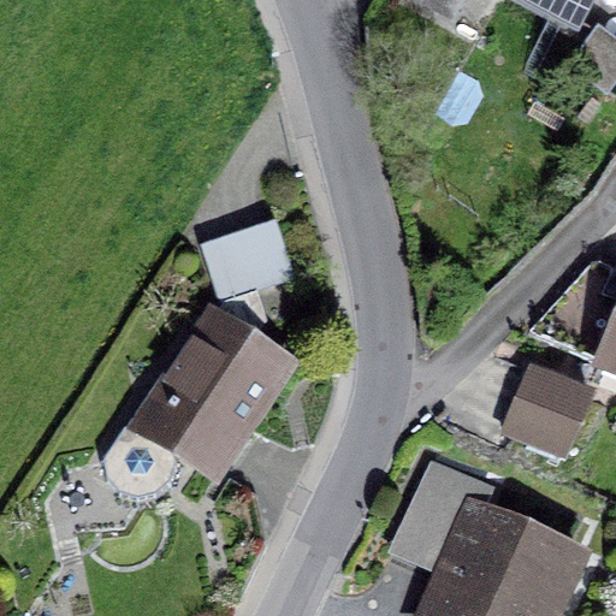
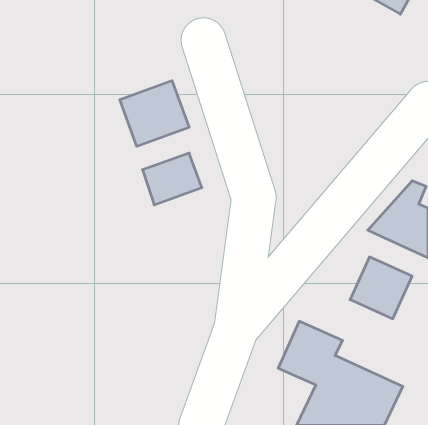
building: none -> [120,81,189,146]
building: [103,296,286,498] -> none

